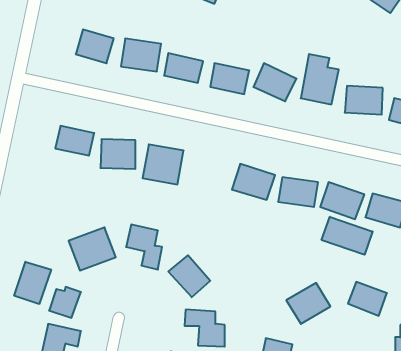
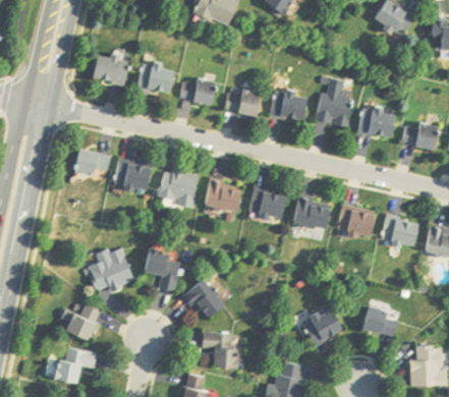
building: none -> [204,180,243,213]
building: [322,217,373,255] -> none
building: [14,262,51,304] -> none

